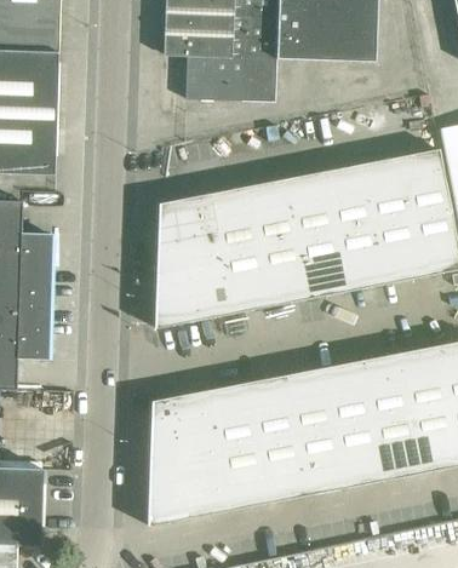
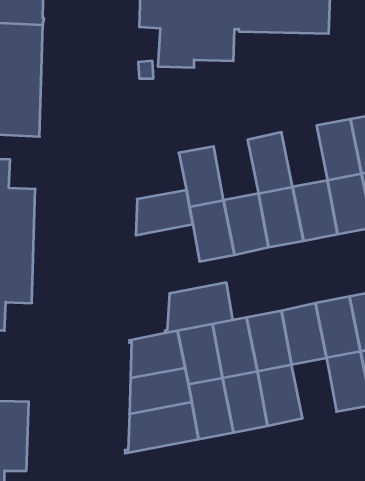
building: [321,163,372,231] -> none
building: [246,179,296,246] -> none
building: [160,194,216,245] -> none
building: [155,272,230,328] -> [165,283,233,333]
building: [332,420,382,487] -> none

